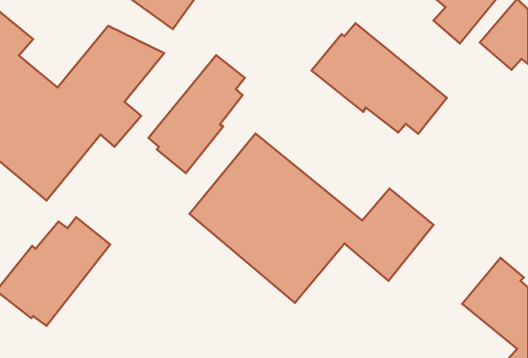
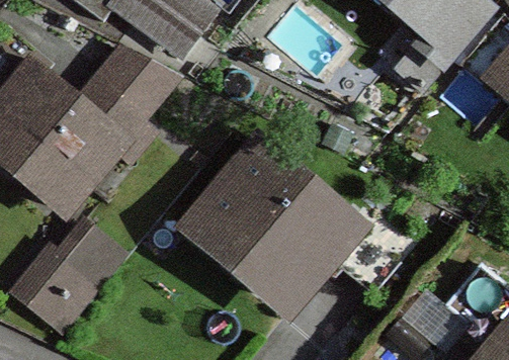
building: [312,23,447,134] -> none
building: [148,55,245,173] -> none

